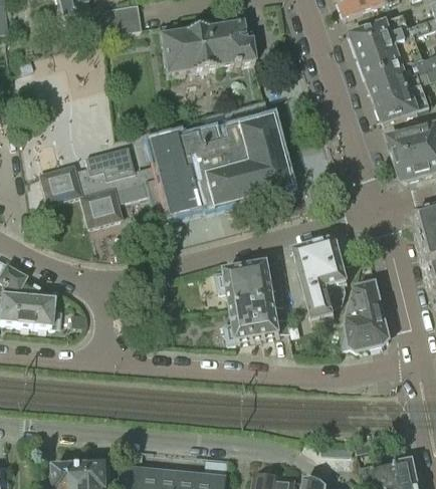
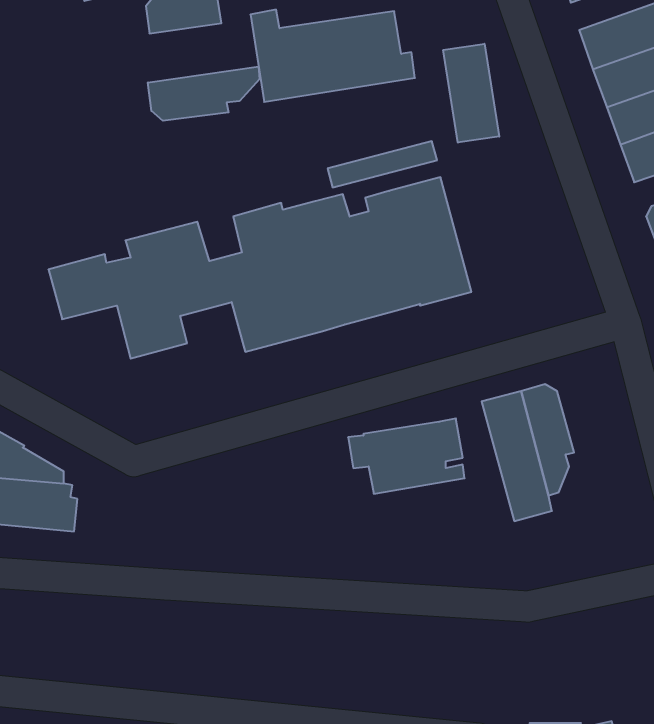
building: none -> [443,44,499,143]
building: none -> [148,67,259,121]
building: [346,282,389,348] -> none
building: [224,295,289,340] -> none

